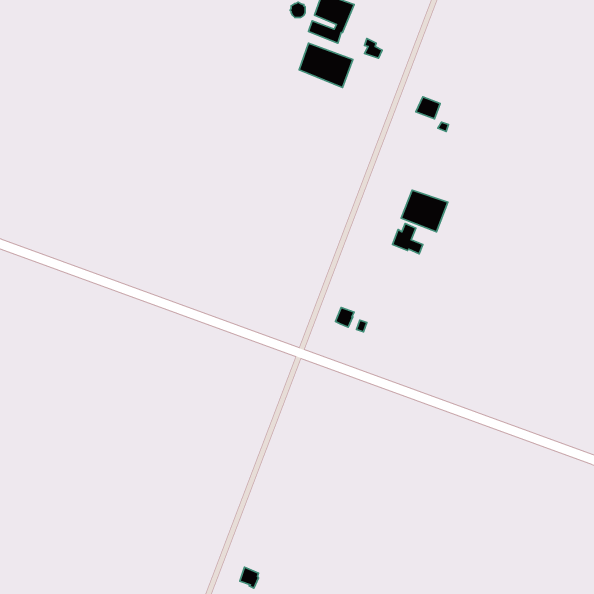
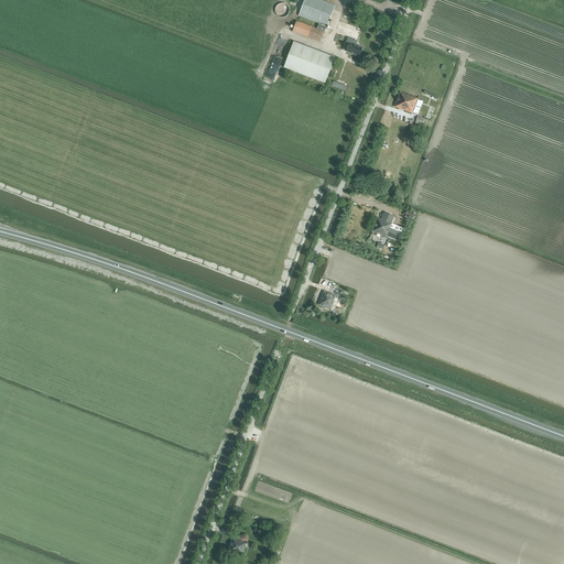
building: [401,190,448,232] -> none

